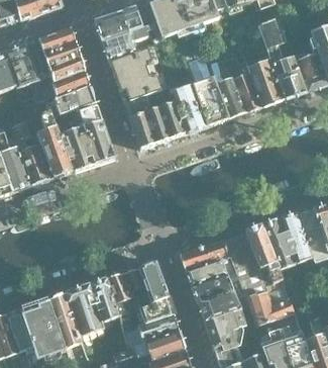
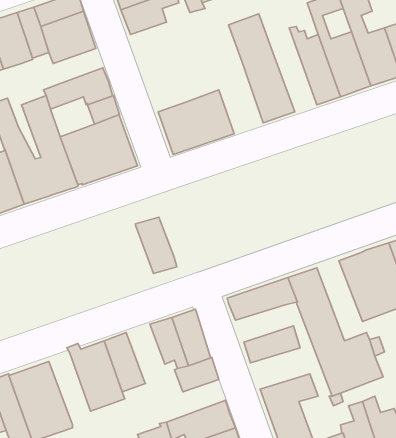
building: [109,48,158,116] -> none
building: [213,55,245,116] -> none
building: [29,70,89,99] -> none
building: [169,80,206,132] -> none
building: [245,225,279,273] -> none
building: [186,258,228,285] -> none
building: [106,272,136,313] -> [135,217,177,274]
building: [197,289,240,319] -> none
building: [47,292,82,346] -> none
building: [125,312,179,345] -> none

